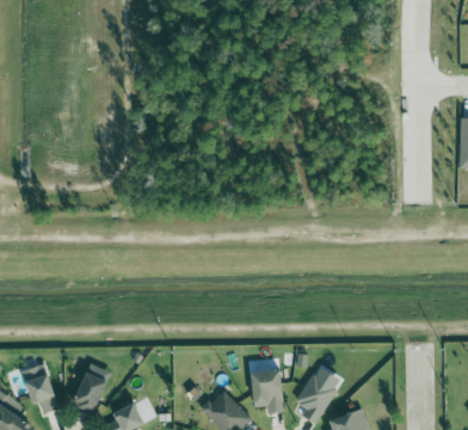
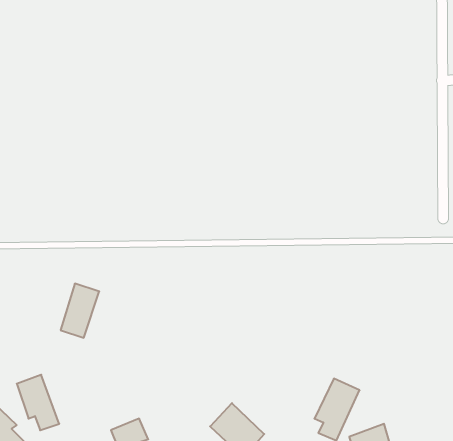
building: [74,363,110,413] -> [61,284,99,338]
building: [251,369,283,412] -> none

